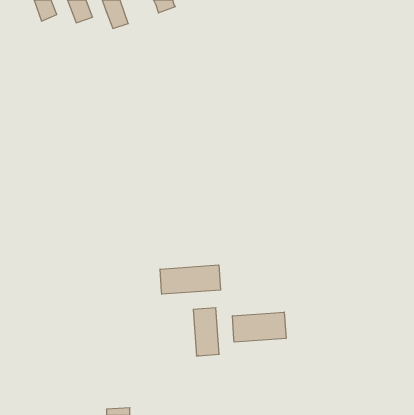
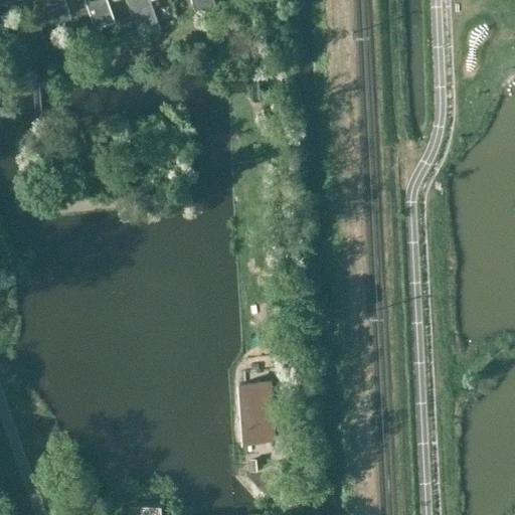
building: [160,265,220,294] -> none
building: [232,312,286,342] -> none

